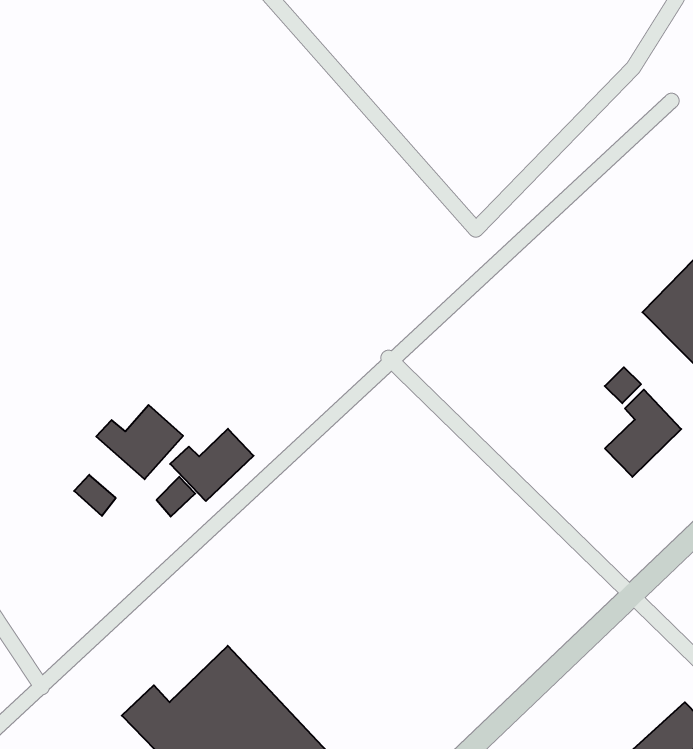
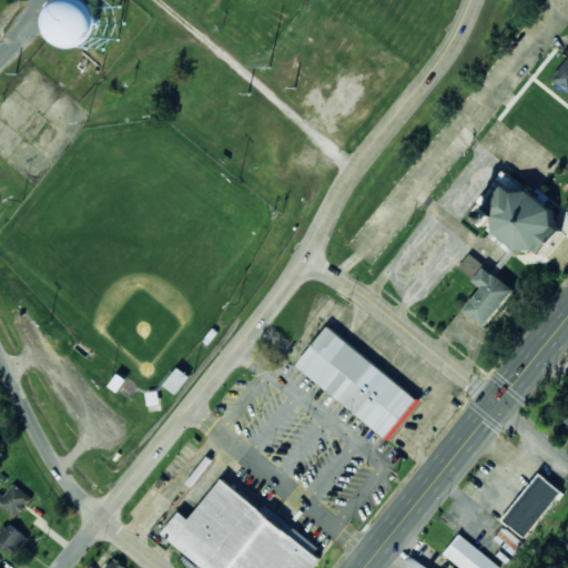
building: [96,405,183,479] -> none
building: [170,429,254,501] -> none
building: none -> [293,327,417,440]

